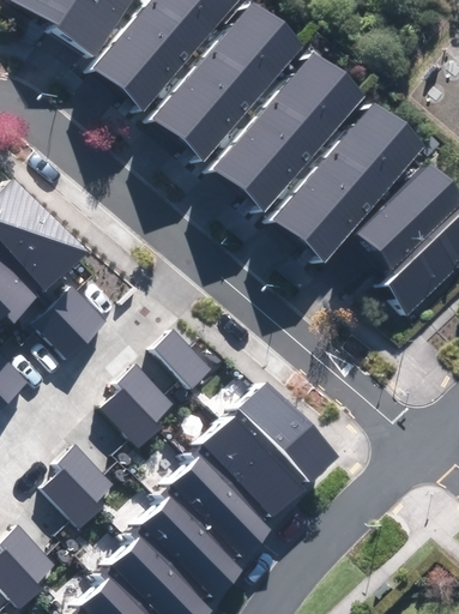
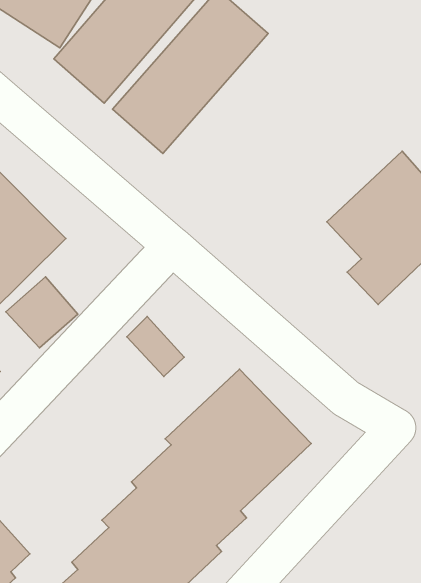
building: [204,49,358,213] -> none
building: [265,101,421,264] -> none
building: [102,362,179,447] -> none
building: [42,443,117,529] -> none

